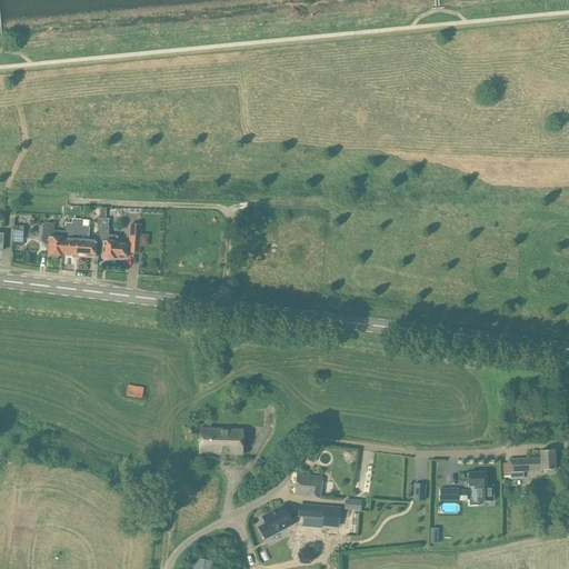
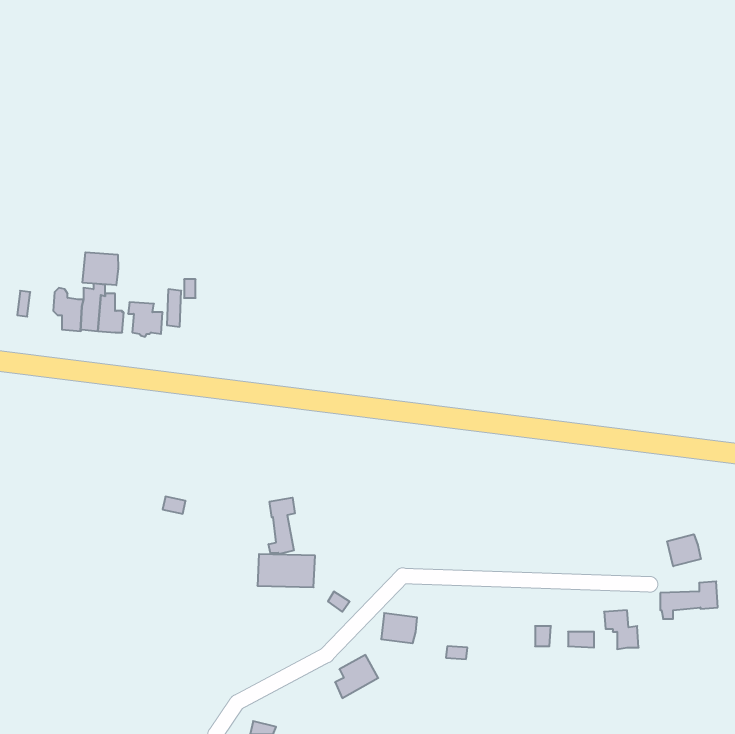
building: none -> [83,252,118,285]
building: none -> [269,498,295,554]
building: none -> [667,534,701,566]
building: [298,503,340,527] -> none

